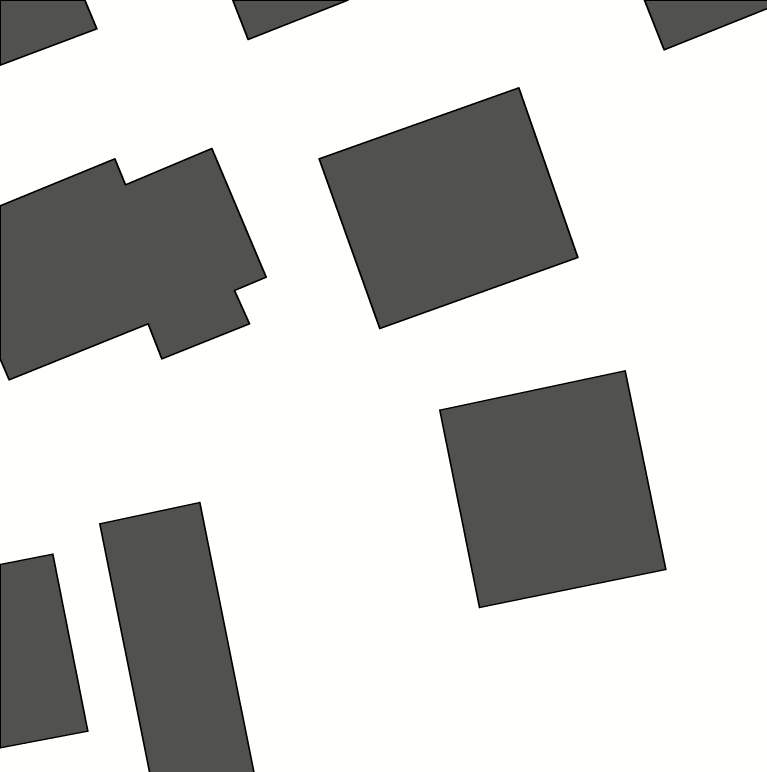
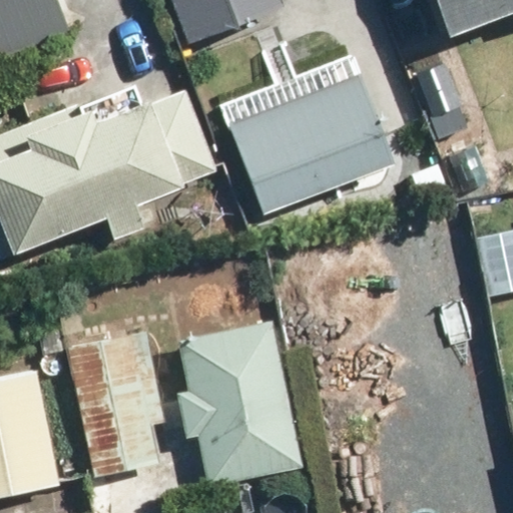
building: [440,371,666,608] -> none
building: none -> [175,319,302,486]

